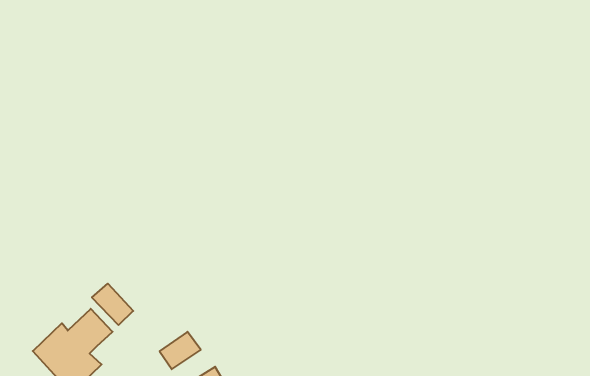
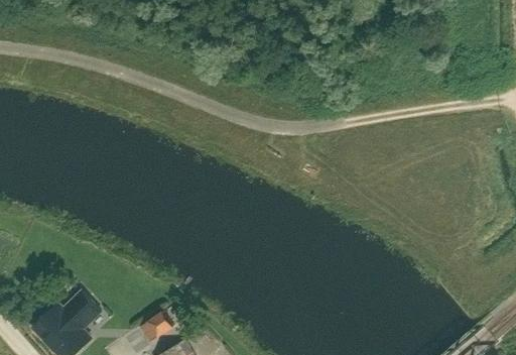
building: [92,284,133,325] -> none

